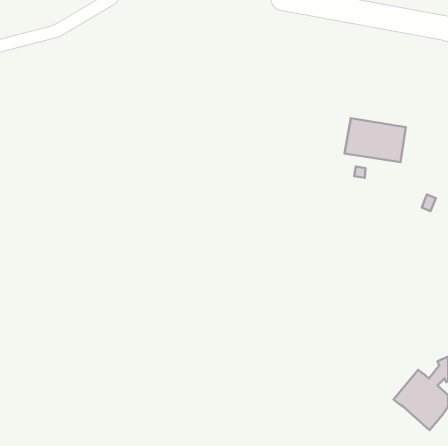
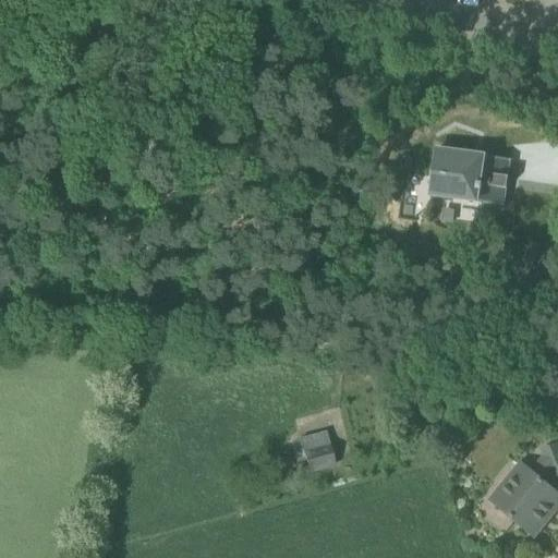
building: none -> [300,430,336,471]

